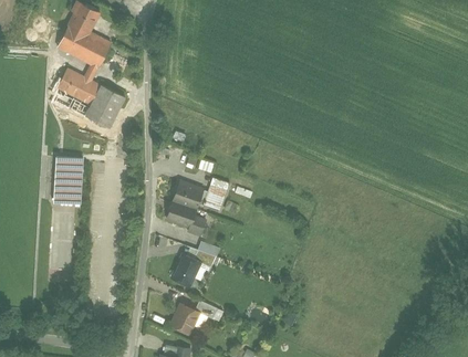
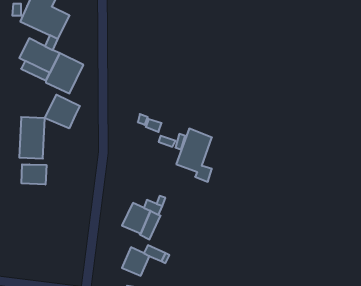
building: none -> [45,95,80,128]
building: [162,185,201,244] -> [176,129,212,182]
building: none -> [22,164,46,185]

